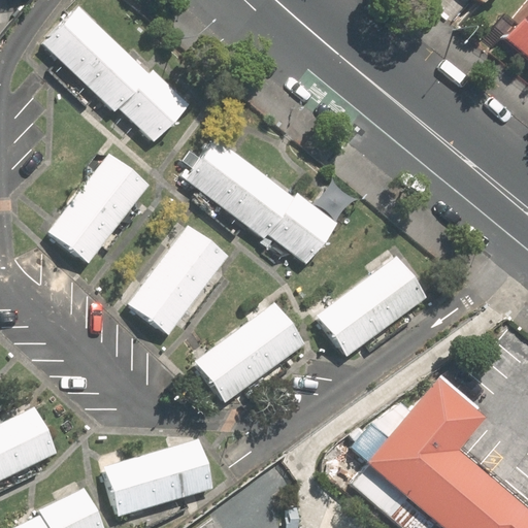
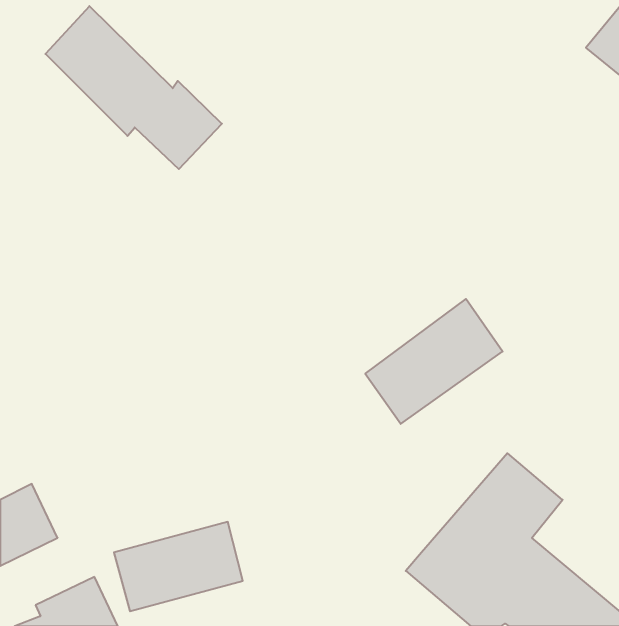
building: [187,139,337,265] -> none
building: [47,156,150,264] -> none
building: [125,224,229,336] -> none
building: [195,306,305,404] -> none

